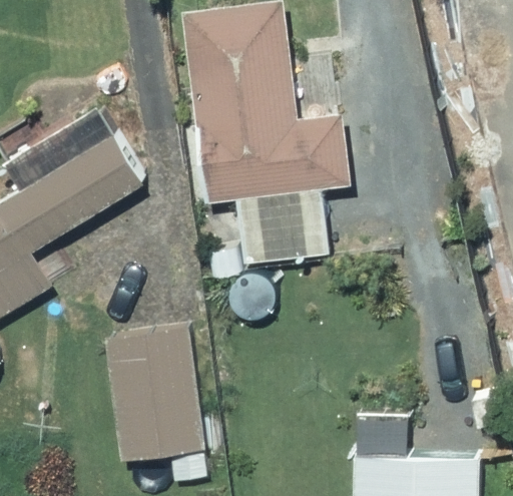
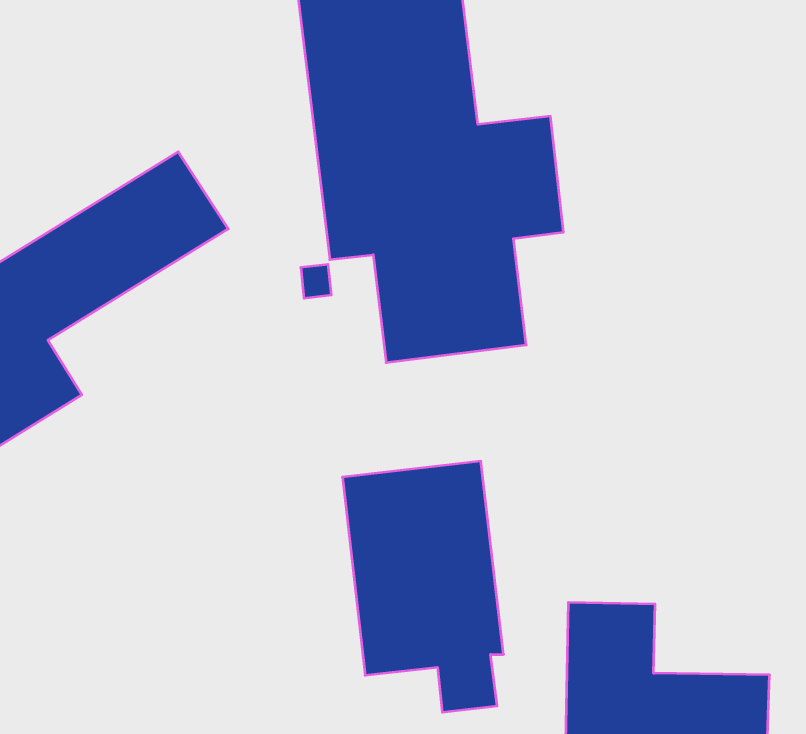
building: [106,328,206,484] -> [342,461,504,712]

